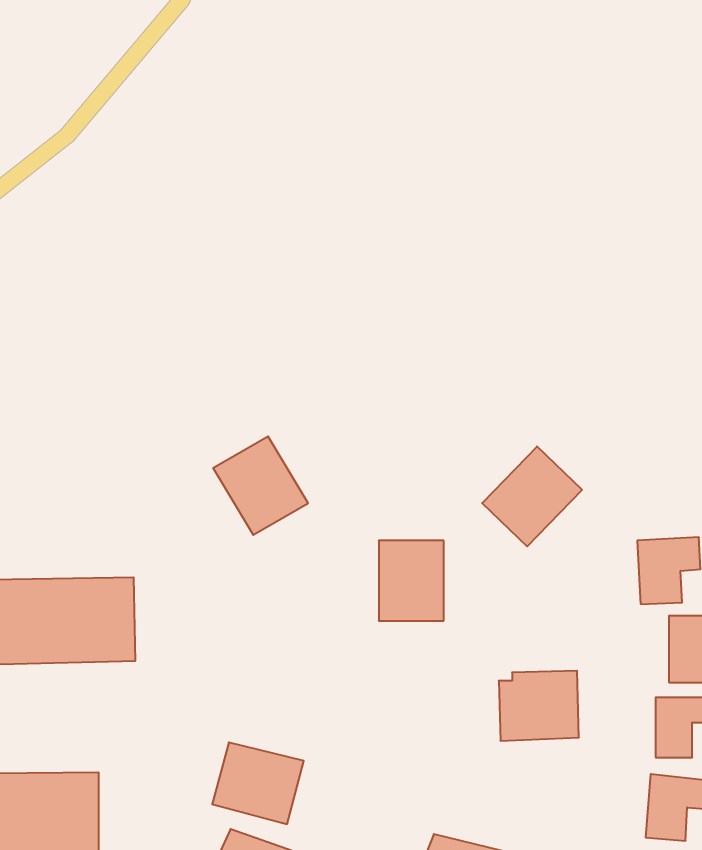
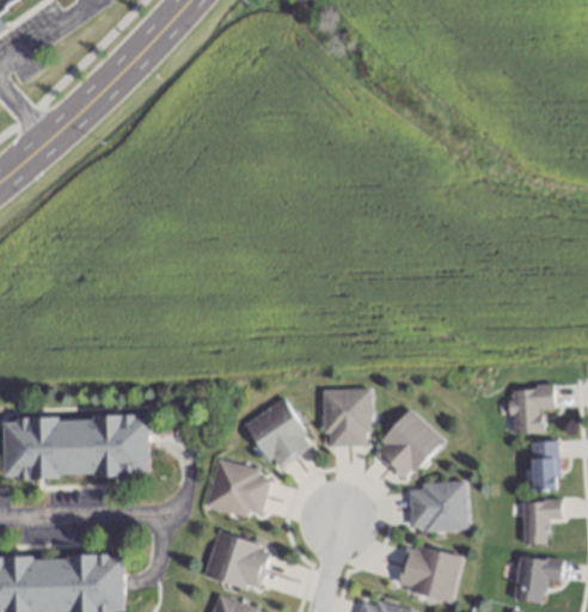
building: [213,436,308,535] -> [245,399,313,470]
building: [482,446,582,546] -> [372,410,443,482]
building: none -> [206,461,270,519]
building: none -> [400,545,461,601]

